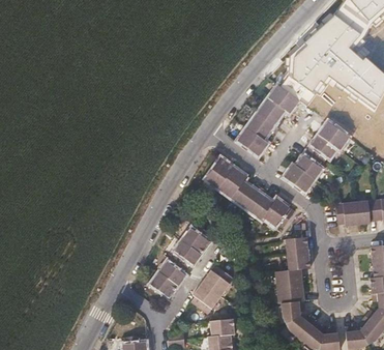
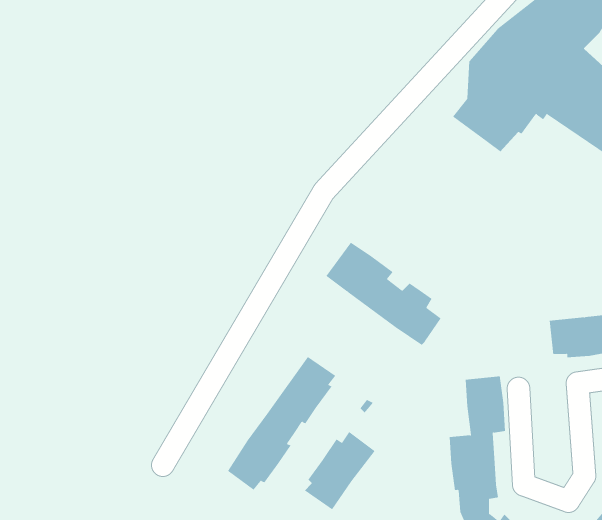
building: [237,86,298,155] -> none
building: [283,122,350,193] -> none
building: [263,198,294,227] -> none

